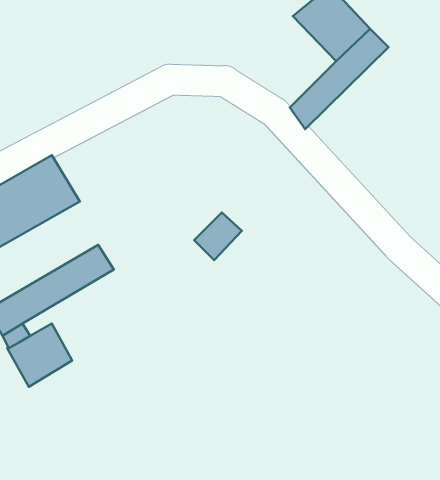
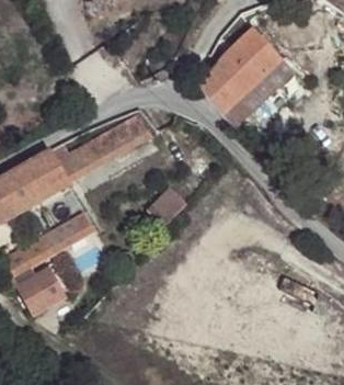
building: none -> [195,50,253,115]
building: none -> [51,113,151,182]

